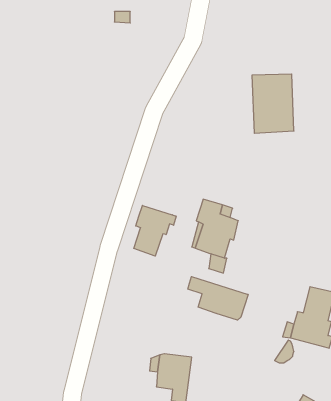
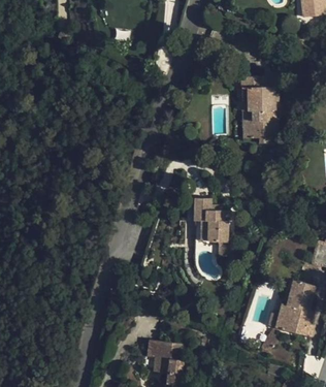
building: [134,205,176,256] -> none
building: [188,277,248,320] -> none

